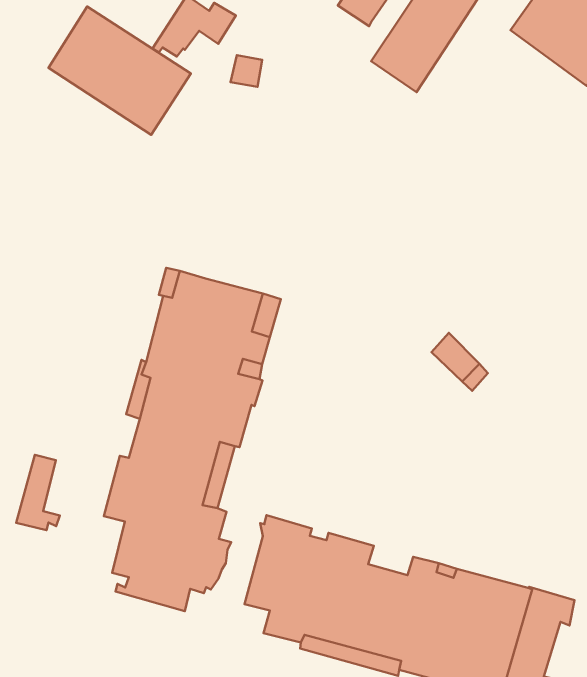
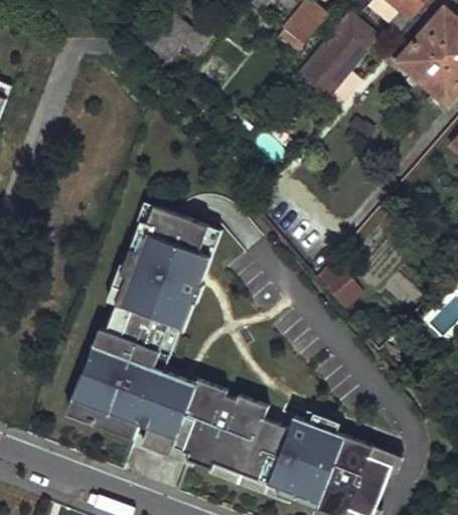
building: [49,6,191,135] -> none
building: [16,455,60,530] -> [69,365,101,417]
building: none -> [136,370,196,462]

